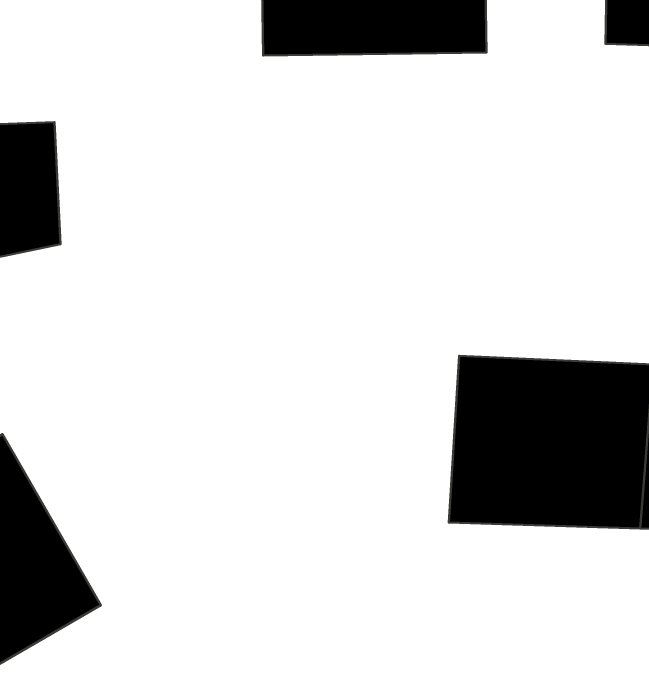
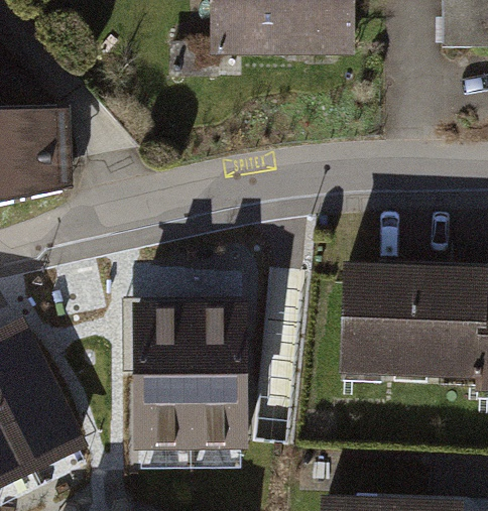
building: none -> [137,296,245,444]

